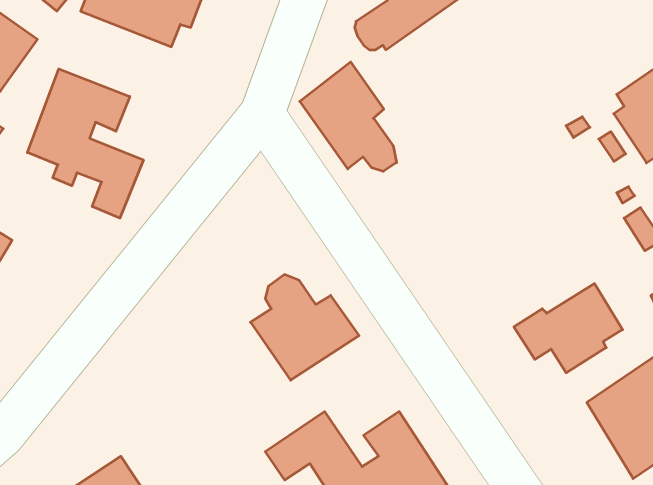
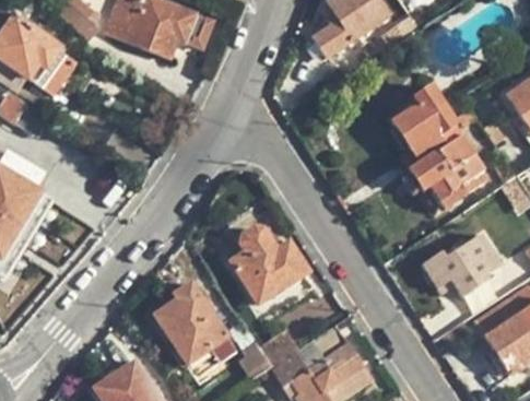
building: [300,62,397,171] -> none
building: [27,69,143,218] -> none
building: none -> [390,84,492,210]
building: none -> [145,282,237,368]

